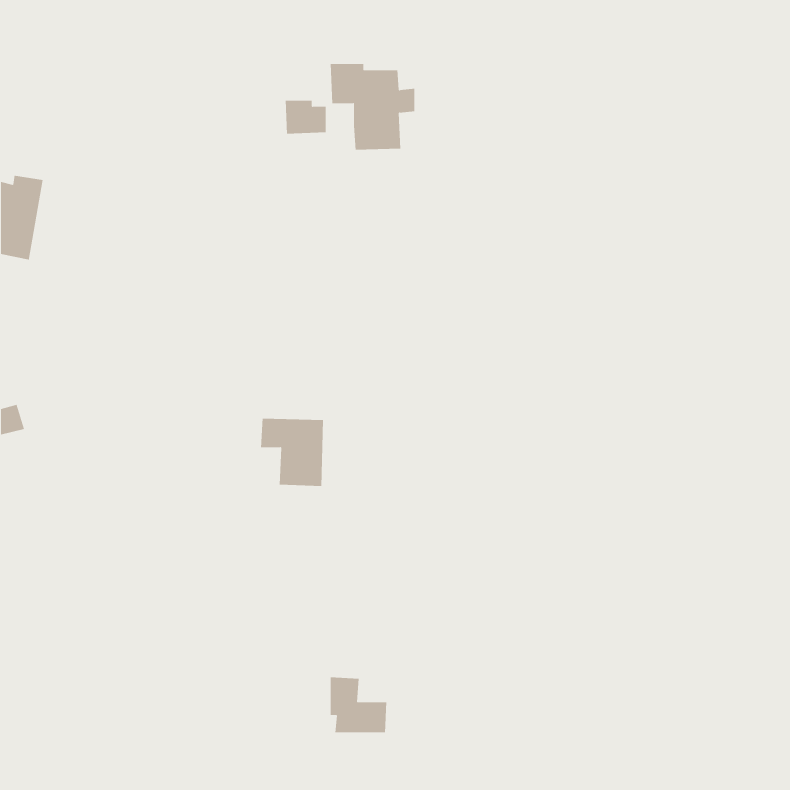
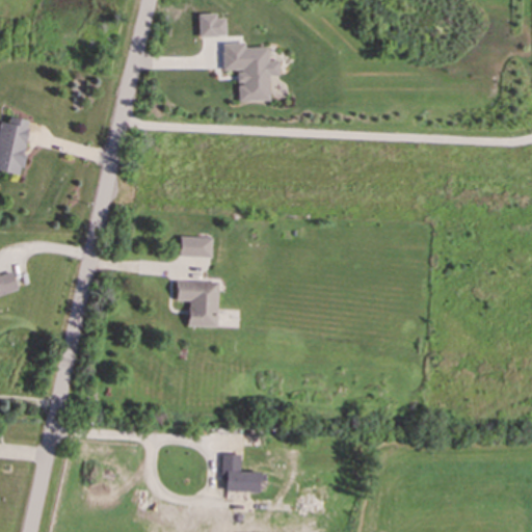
building: [285,100,327,134] -> [198,14,227,36]
building: none -> [179,236,212,257]

